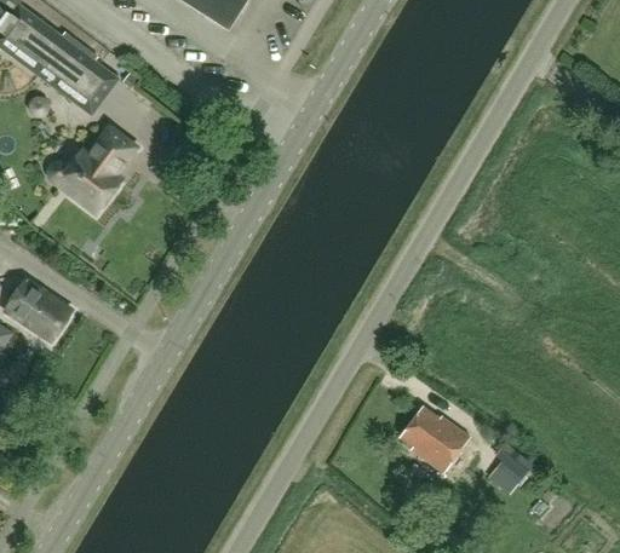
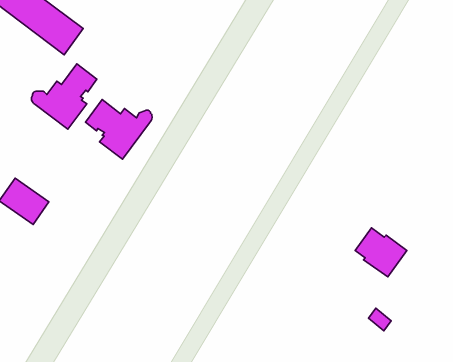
building: none -> [86,99,152,159]
building: [400,404,469,470] -> [355,228,407,277]

